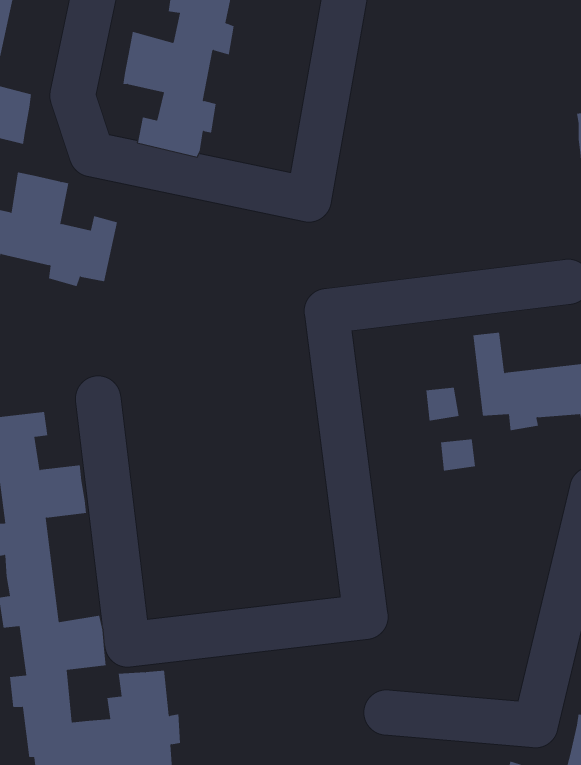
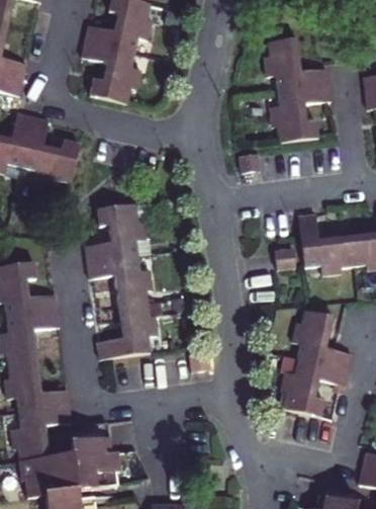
building: none -> [264,38,330,140]
building: none -> [84,205,158,356]
building: none -> [280,310,350,416]

